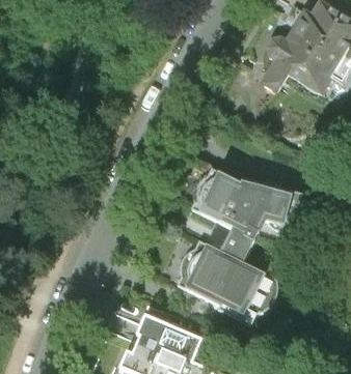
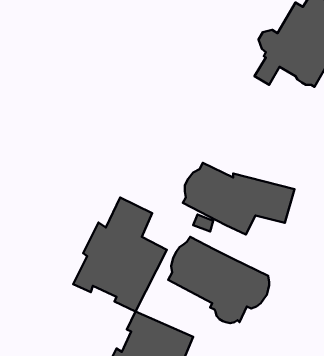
building: none -> [73,198,167,312]
building: [222,229,253,262] -> none

